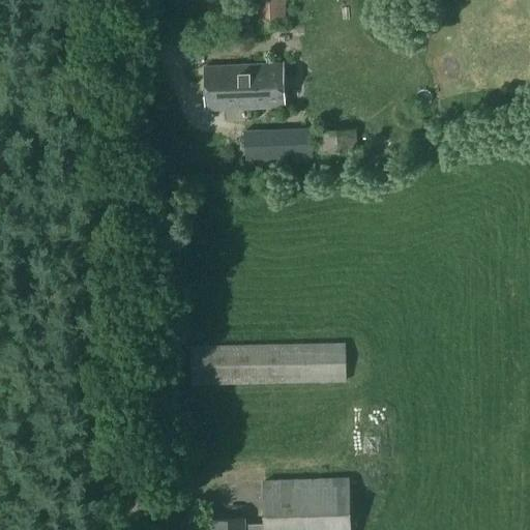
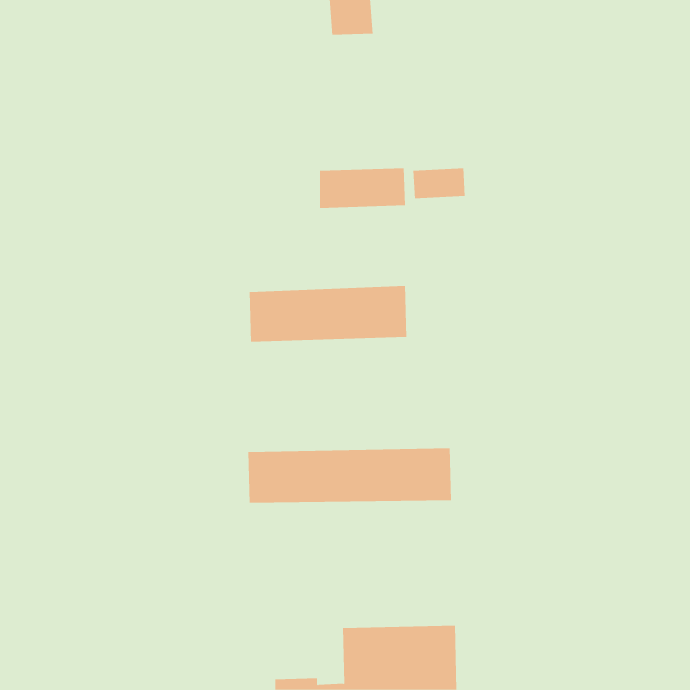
building: [203,65,283,110] -> none
building: none -> [249,285,407,342]

